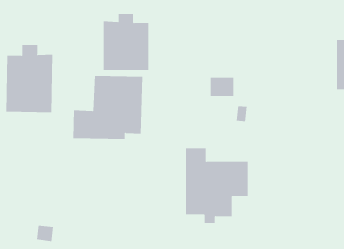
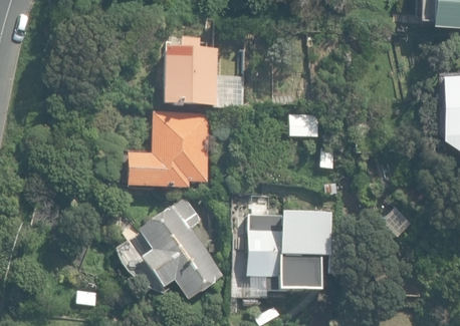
building: [6,44,53,113] -> none
building: none -> [138,197,221,300]

